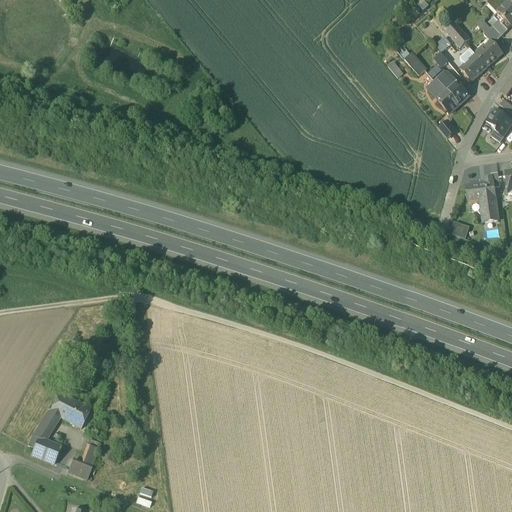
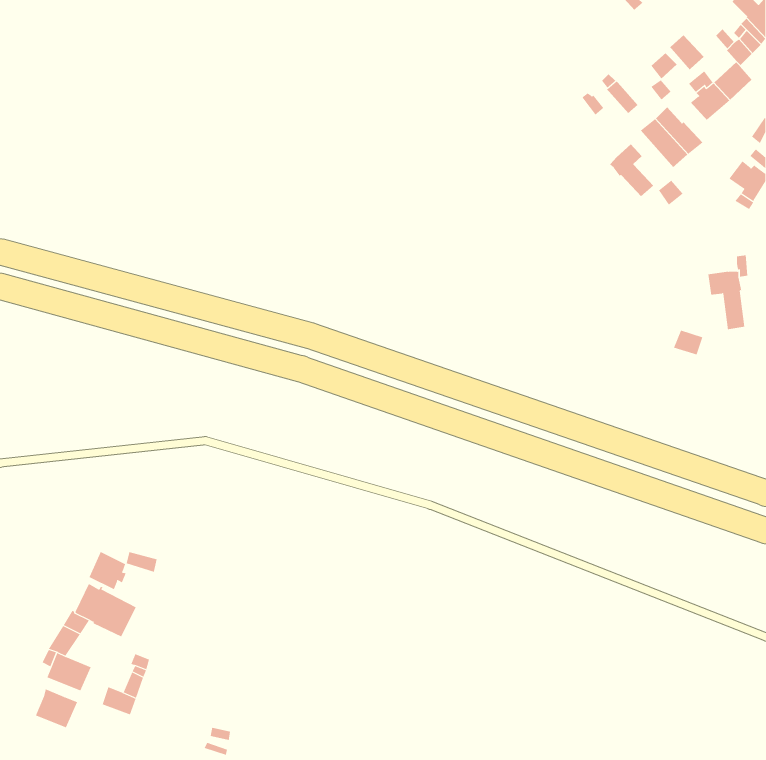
building: none -> [608,143,654,197]
building: none -> [88,551,126,590]
building: none -> [35,689,78,728]

